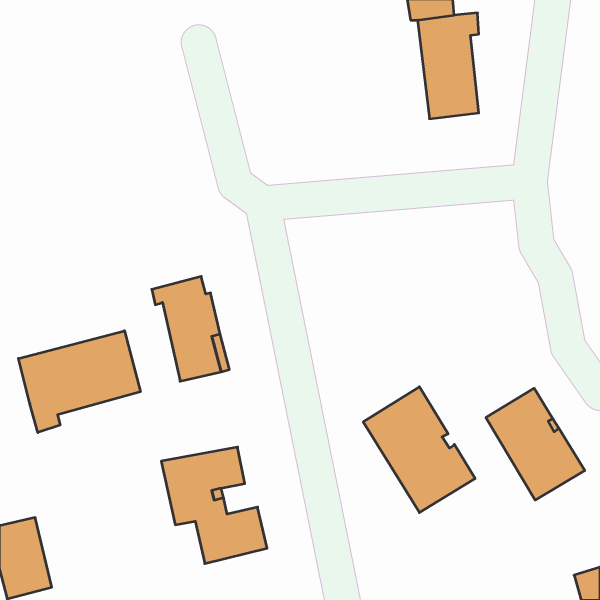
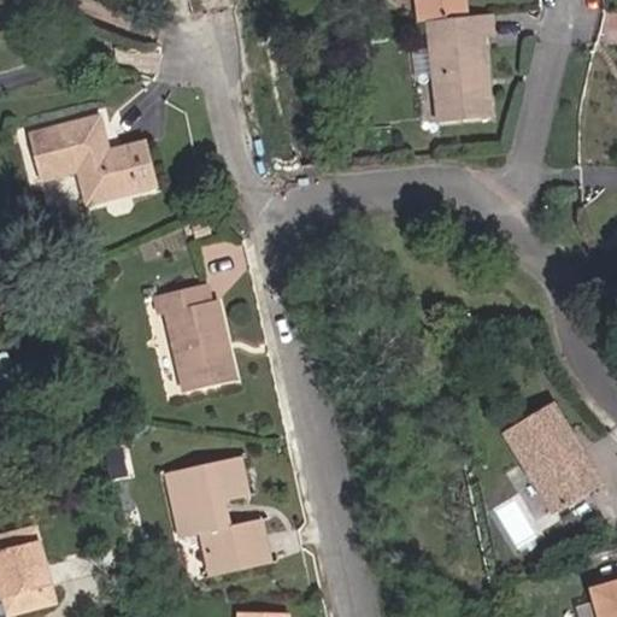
building: none -> [23,117,151,206]
building: [18,331,140,433] -> none
building: [363,387,475,513] -> none

